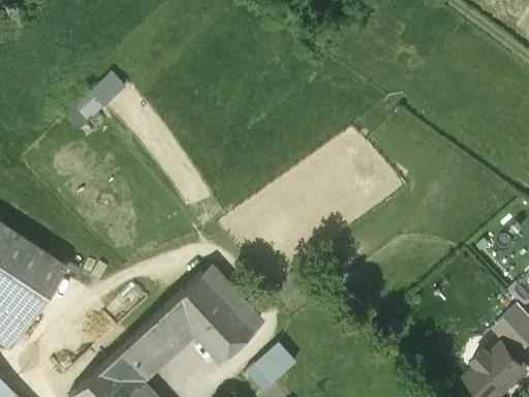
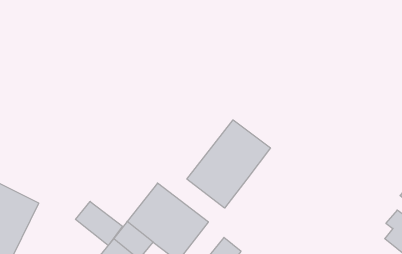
building: [64,64,124,127] -> none
building: none -> [187,120,270,208]
building: none -> [76,201,123,245]

